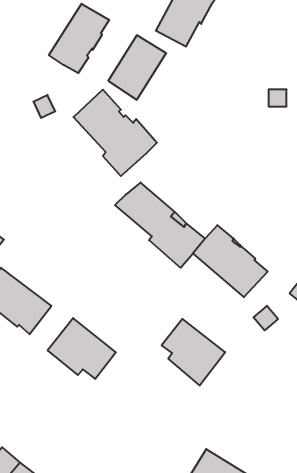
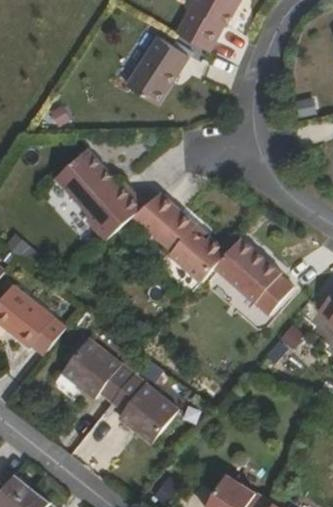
building: [49,4,109,73] -> none
building: [73,90,157,176] -> [55,151,143,242]
building: [162,319,225,385] -> [111,373,178,443]

